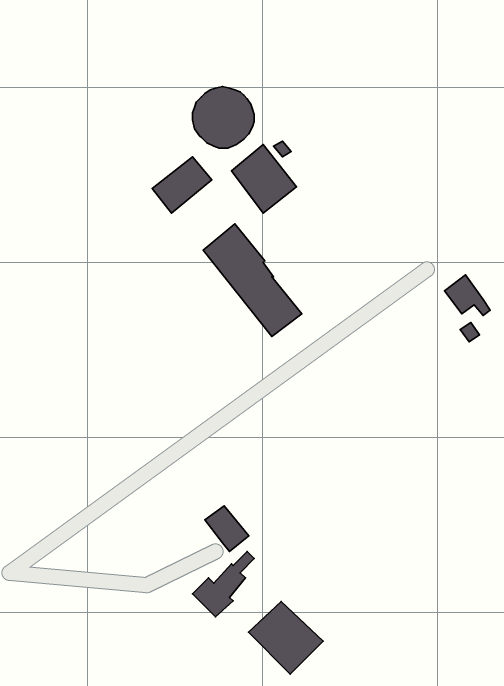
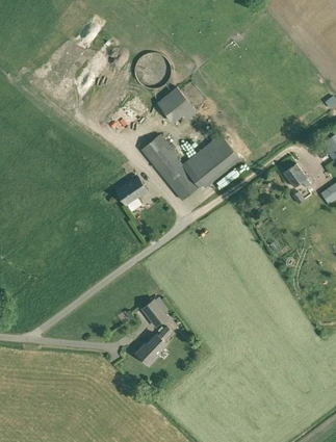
building: none -> [181,133,240,189]
building: none -> [115,176,147,204]
building: [249,601,323,674] -> none

